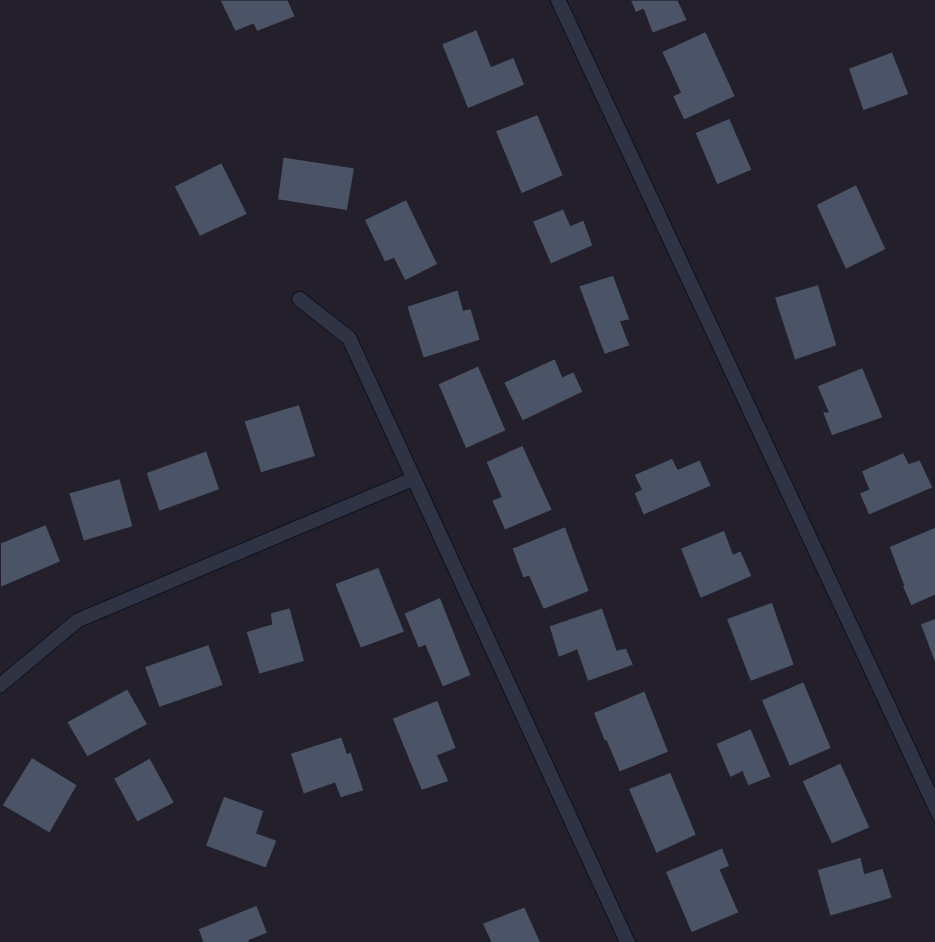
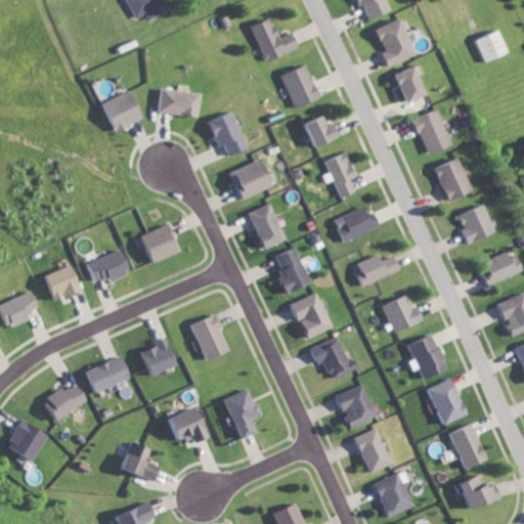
building: [816,184,886,269] -> [411,108,450,156]
building: [504,359,583,421] -> [334,208,378,243]
building: [404,597,471,687] -> none
building: [716,728,771,786] -> none
building: [114,758,174,822] -> none

